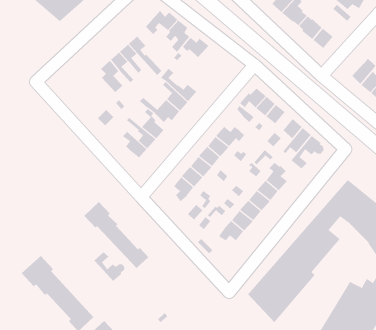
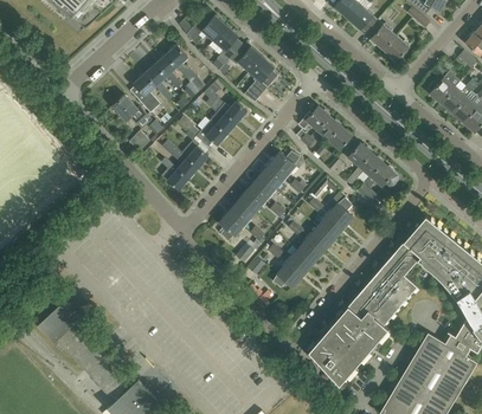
building: none -> [245,57,276,102]
building: none -> [113,95,150,128]
building: [84,201,149,269] -> none
building: [93,251,125,282] -> none

